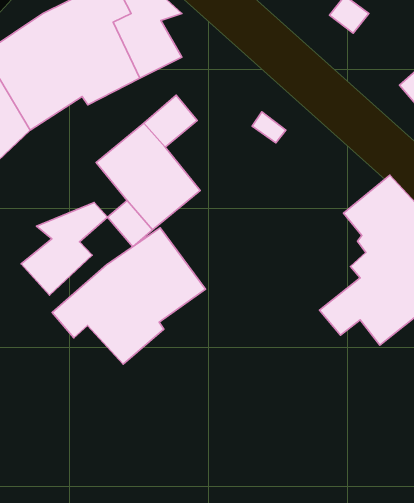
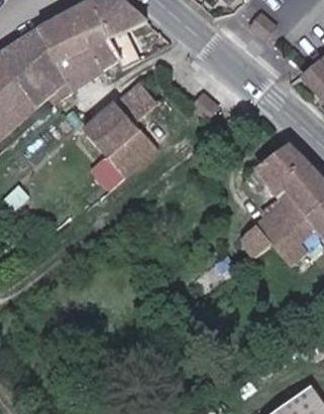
building: [21,203,107,295] -> none
building: [52,228,206,364] -> none

